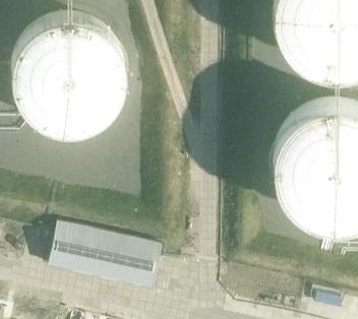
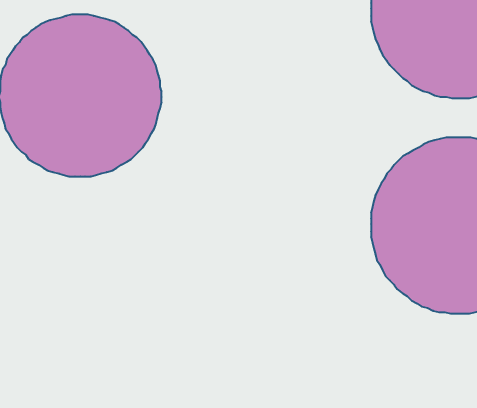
building: [52,231,166,296] -> none

